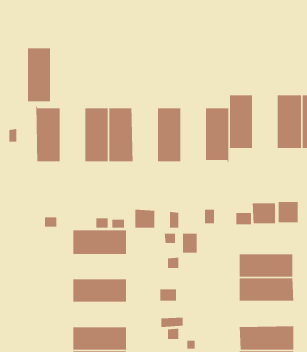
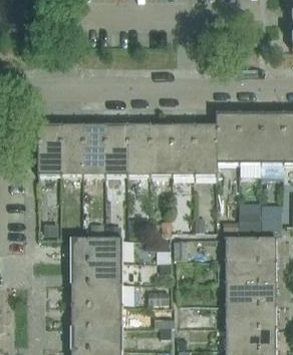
building: [27,45,51,103] -> [60,123,82,176]
building: none -> [238,111,260,165]
building: none -> [126,123,150,176]
building: none -> [172,123,194,176]
building: none -> [223,237,277,260]
building: none -> [69,261,123,283]
building: none -> [224,304,277,327]
building: none -> [69,305,123,327]

